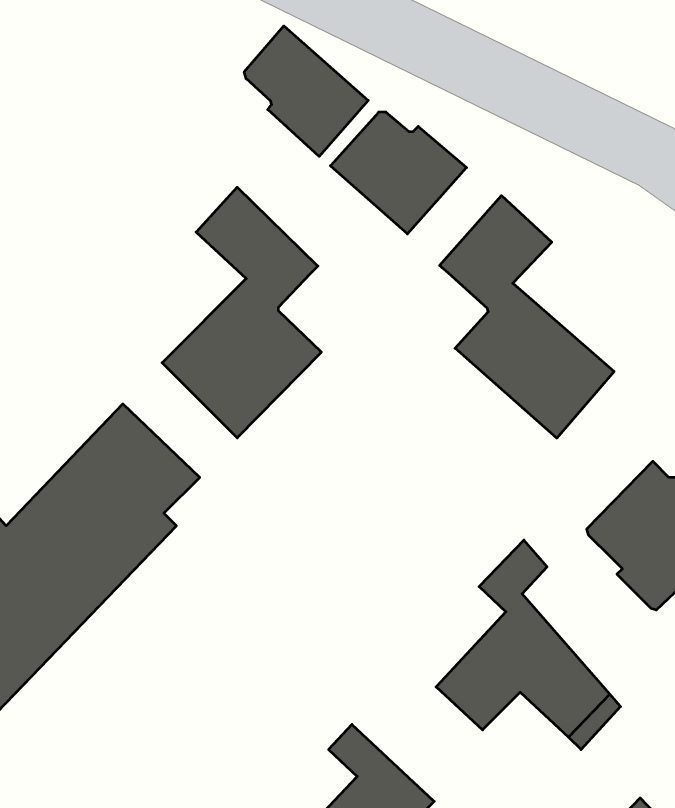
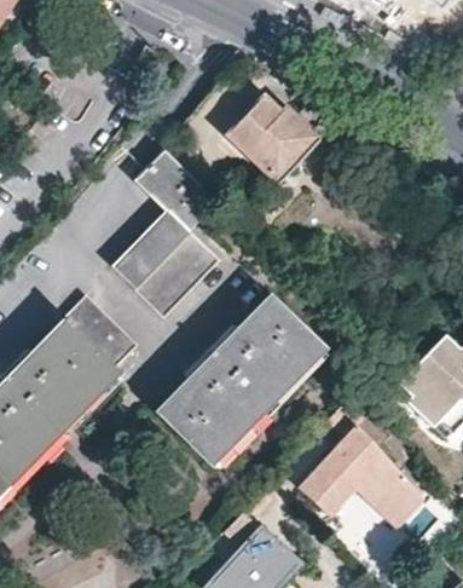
building: [244,26,368,156] -> none
building: [440,196,614,438] -> none
building: none -> [157,298,326,469]

